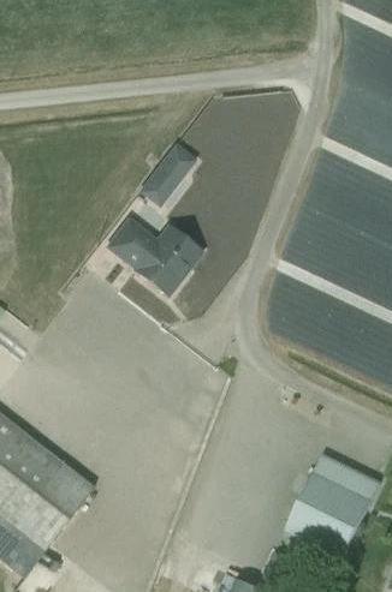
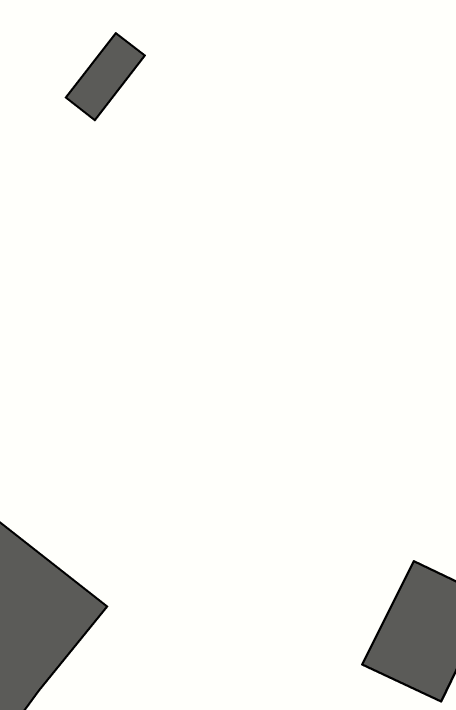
building: [137,142,196,207] -> [66,33,145,120]
building: [106,219,198,297] -> none

